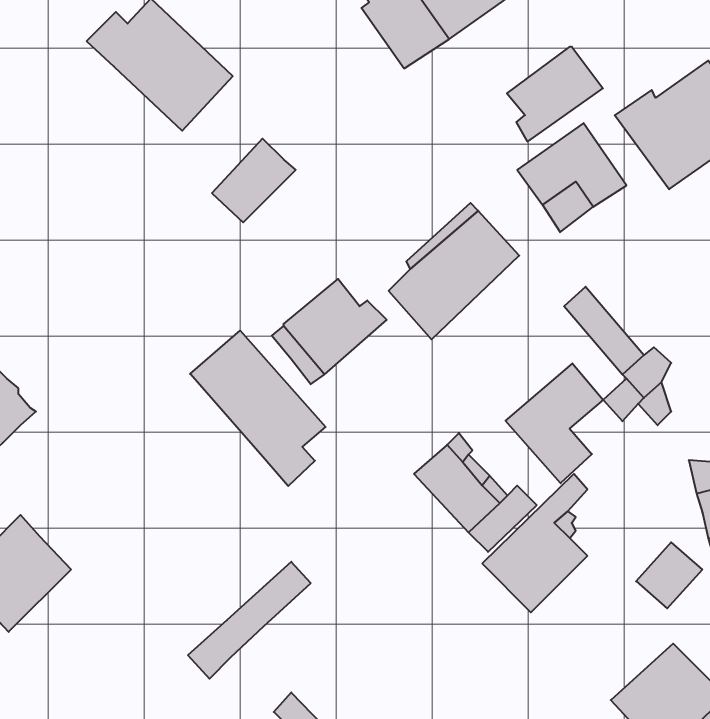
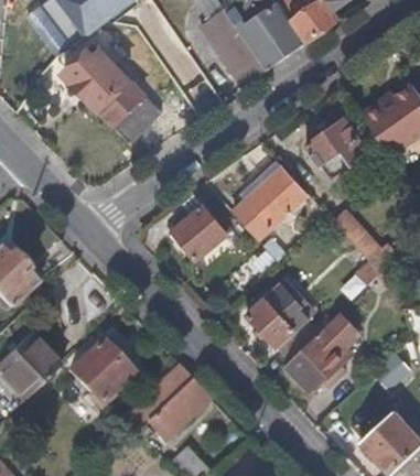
building: [507,47,603,142] -> none
building: [212,139,296,222] -> [117,90,164,138]
building: [190,331,326,486] -> none
building: [506,363,603,483] -> none
building: none -> [63,338,132,407]
building: none -> [144,377,208,439]

